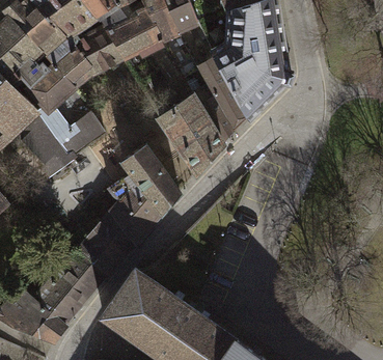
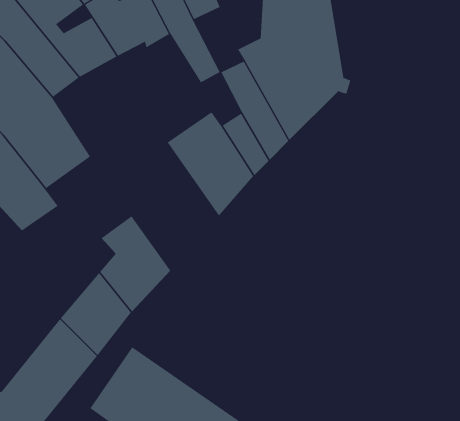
building: [122,147,180,215] -> none

